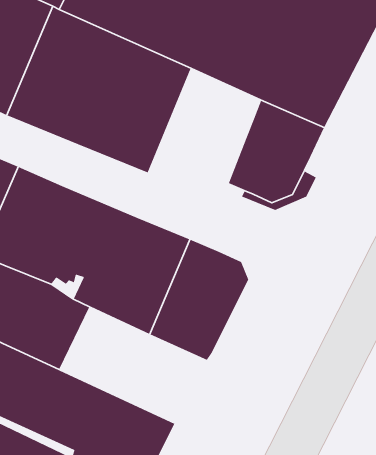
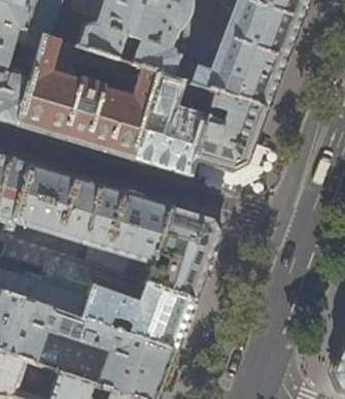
building: none -> [131,71,212,174]
building: none -> [78,266,193,350]

